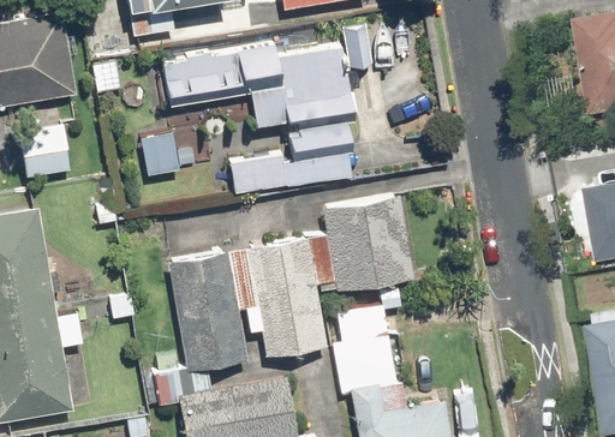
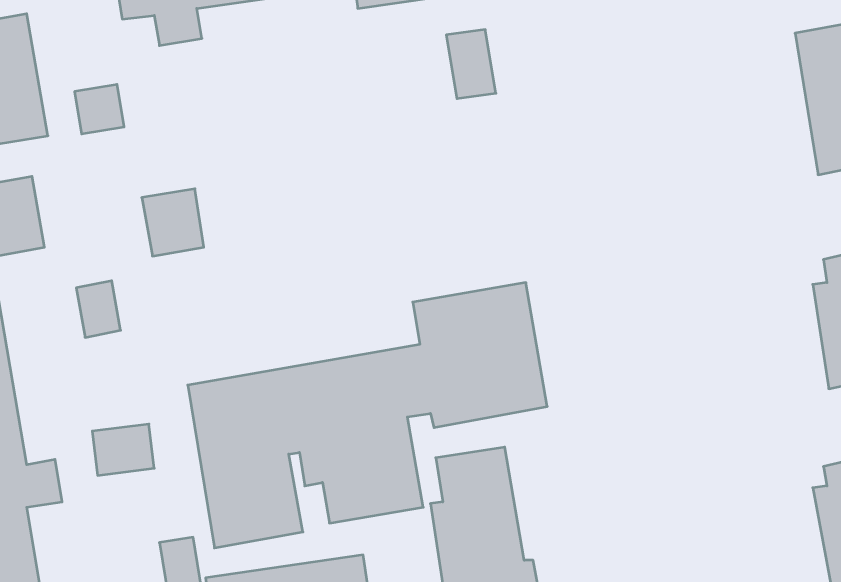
building: [163,43,350,126] -> none
building: [229,124,354,193] -> none

